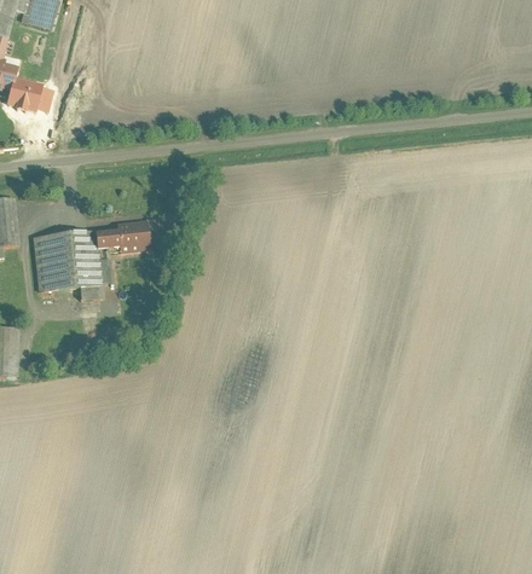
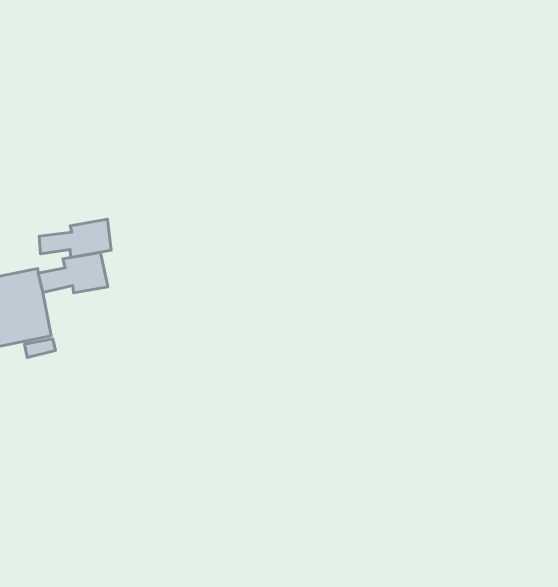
building: none -> [39,219,111,258]

